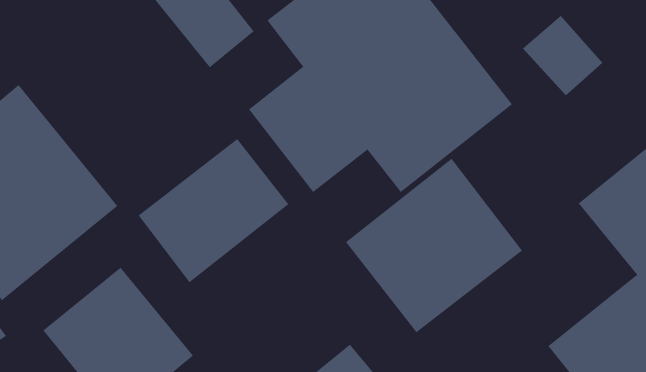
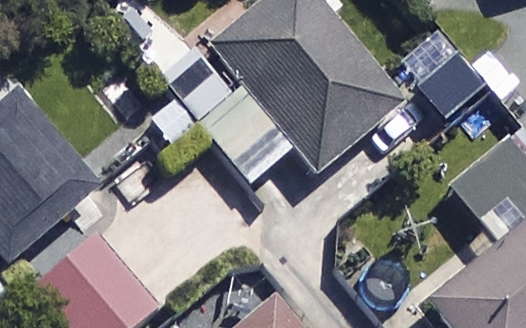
building: [138,138,289,283] -> none
building: [345,158,523,333] -> none

